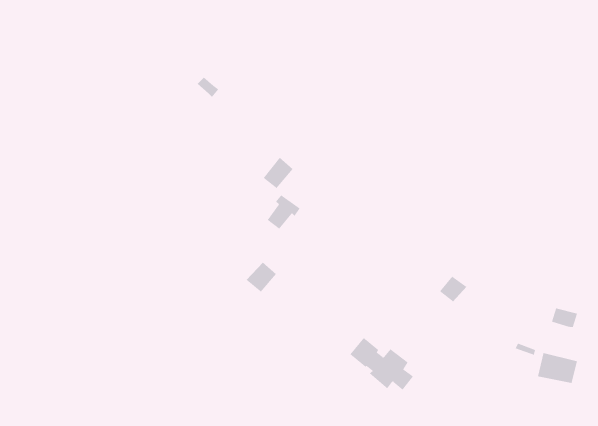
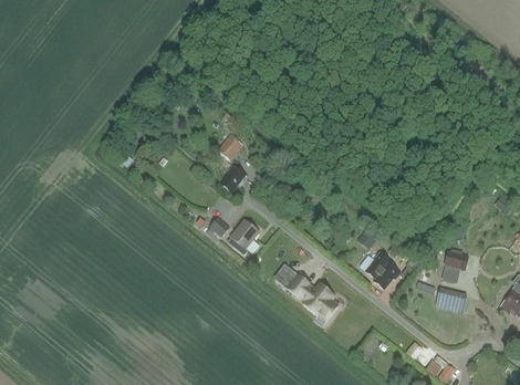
building: none -> [230,218,259,247]
building: none -> [365,252,399,288]

